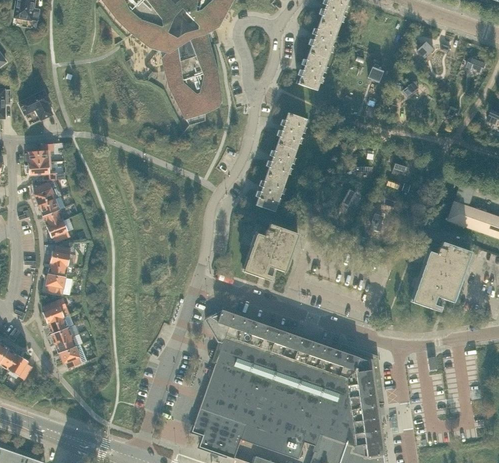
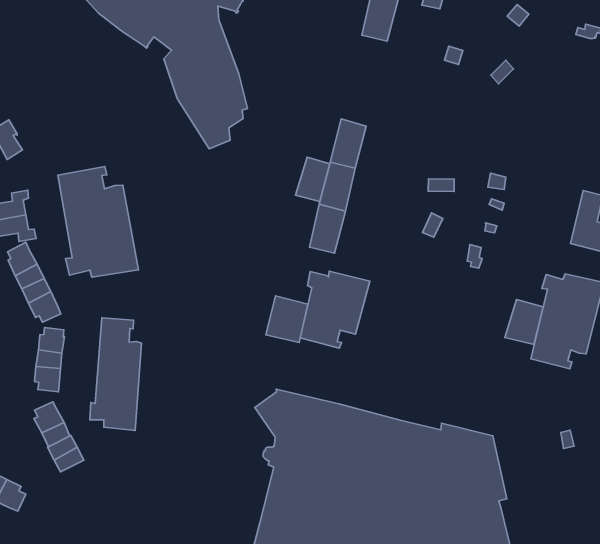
building: [298,53,327,90] -> none
building: none -> [58,166,139,277]
building: none -> [295,157,330,202]
building: none -> [266,296,308,342]
building: none -> [90,318,141,431]
building: none -> [505,299,543,345]
building: [58,344,86,368] -> none

